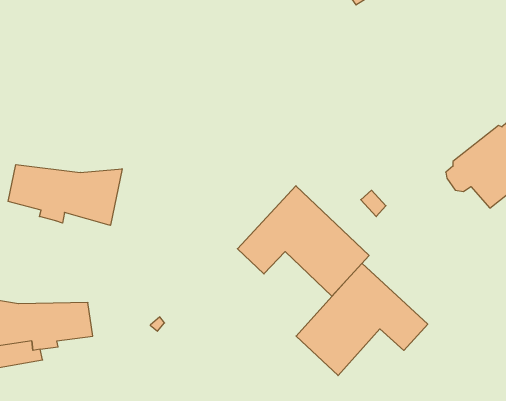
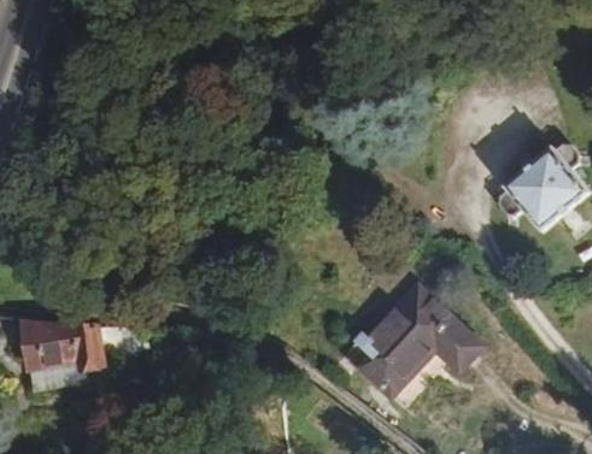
building: [8,165,122,225] -> none
building: [237,186,369,296] -> none

